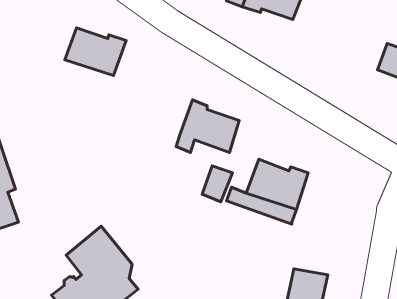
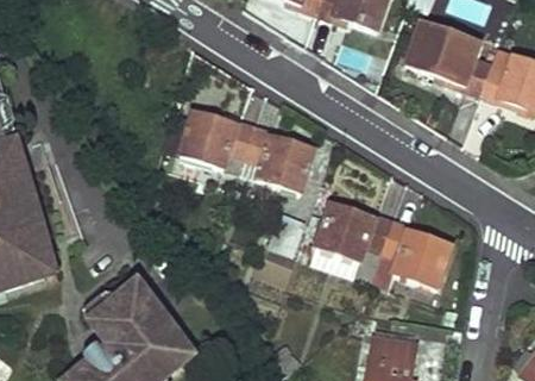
building: none -> [408,19,491,90]
building: [65,28,126,75] -> [178,112,253,170]
building: none -> [374,217,451,283]

